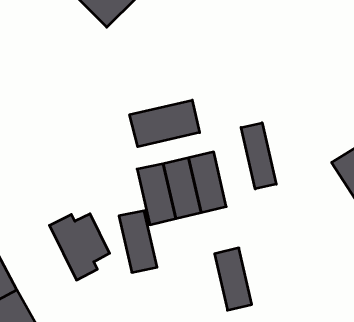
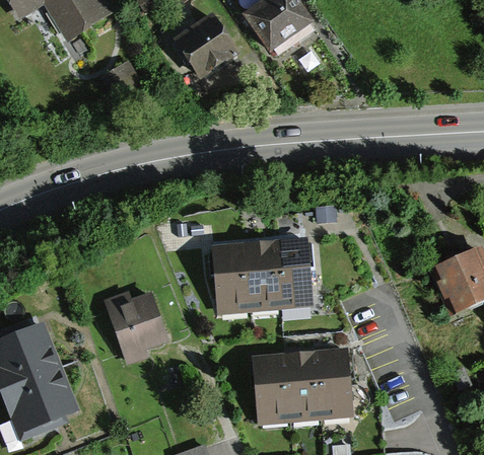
building: [130,100,200,147] -> none
building: [241,123,276,189] -> none
building: [119,211,157,272] -> [257,355,292,423]
building: none -> [315,349,350,418]

